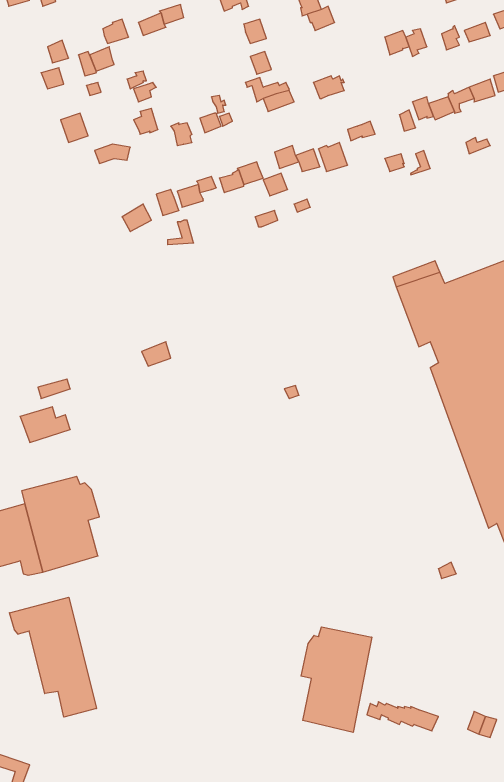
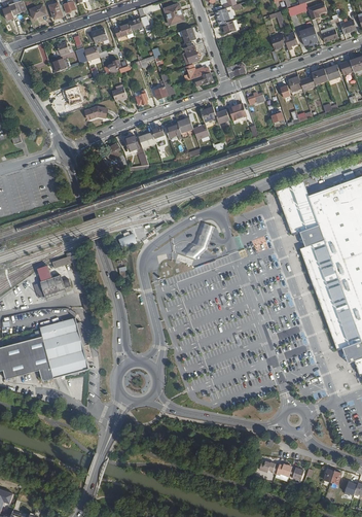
building: [9,597,96,717] -> none
building: [301,627,372,732] -> none

